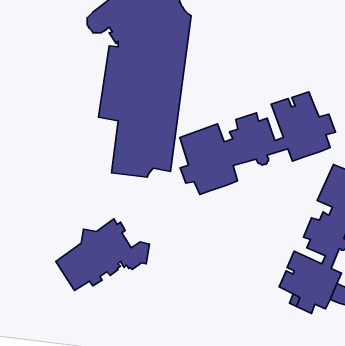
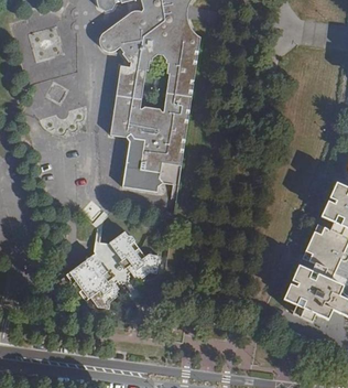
building: [180,92,335,194] -> none

